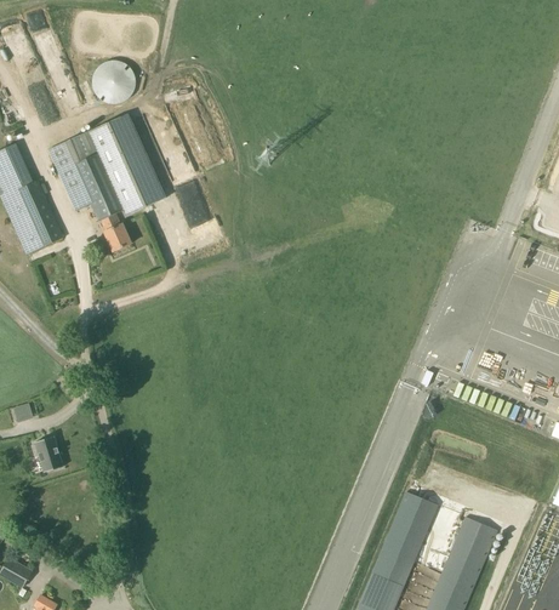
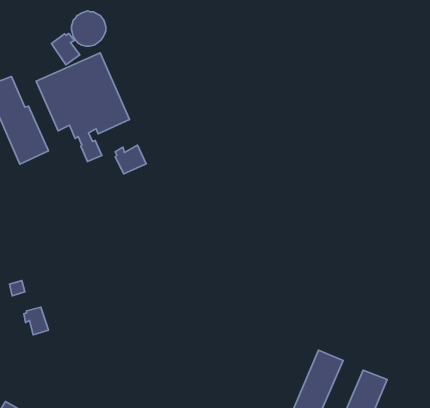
building: none -> [52,33,80,65]
building: none -> [115,145,146,174]

